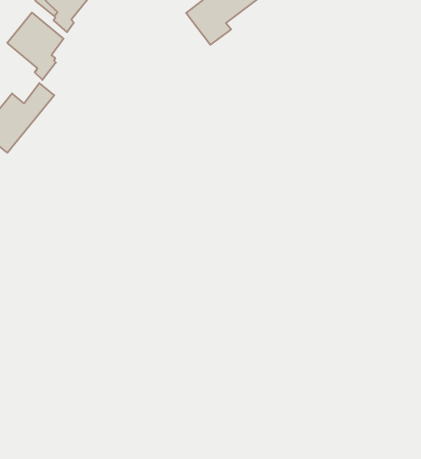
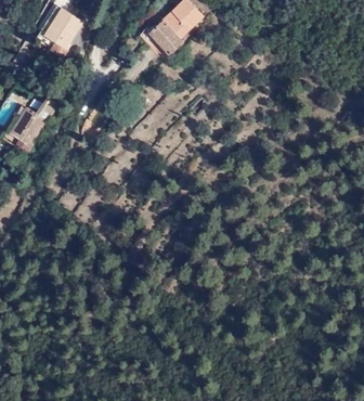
building: [7,13,64,80] -> none

